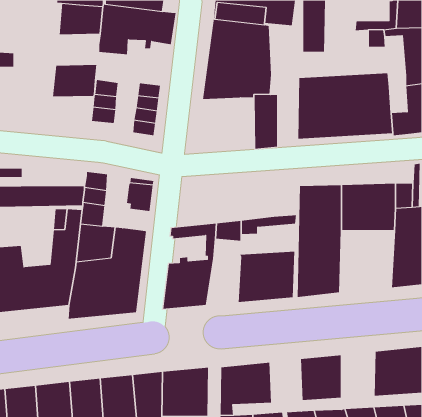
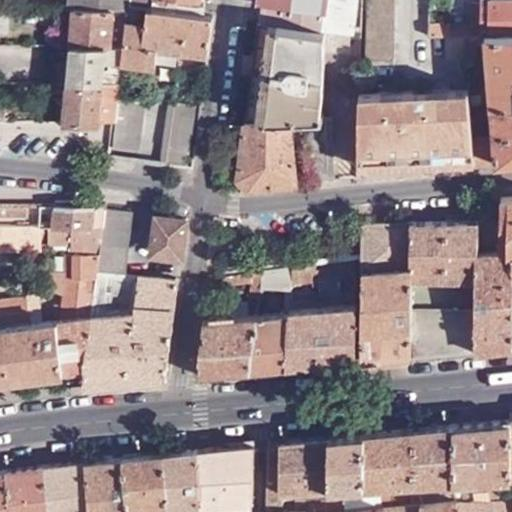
building: none -> [67,49,121,87]
building: none -> [237,126,295,197]
building: none -> [52,210,104,232]
building: none -> [410,286,476,361]
building: none -> [249,318,290,376]
building: none -> [412,432,452,488]
building: none -> [326,441,364,494]

